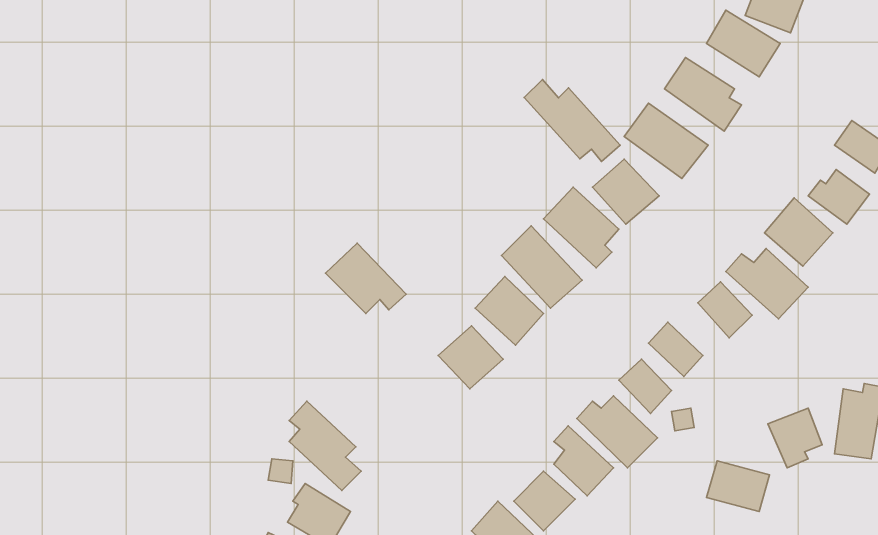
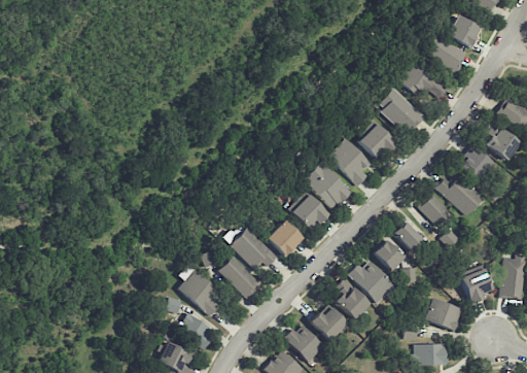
building: [524,79,620,161] -> none
building: [326,243,406,313] -> [231,227,278,268]
building: none -> [219,256,262,299]

